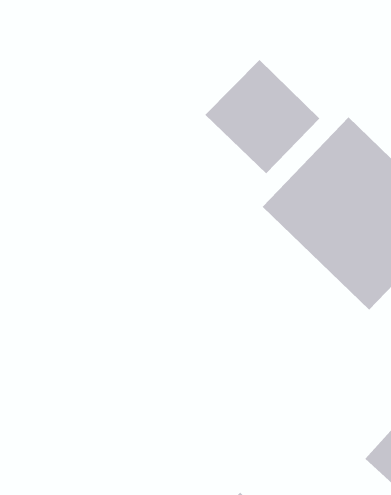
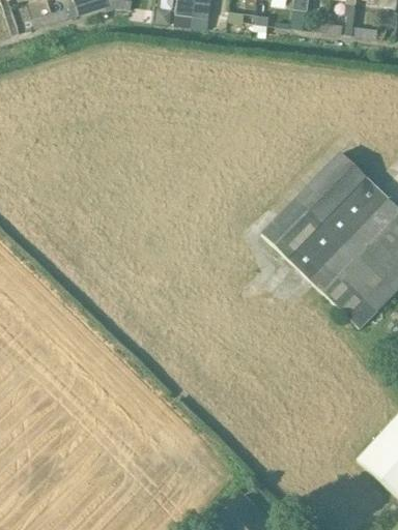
building: [205,59,320,174] -> none

